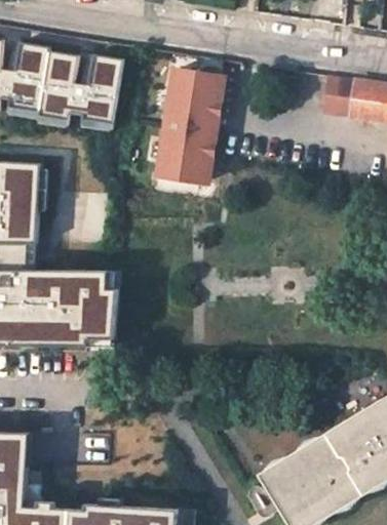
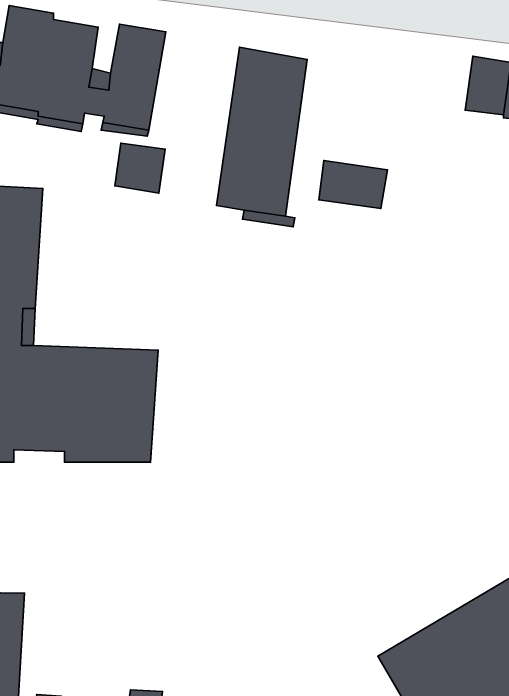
building: none -> [115,143,165,193]
building: none -> [319,161,387,209]

